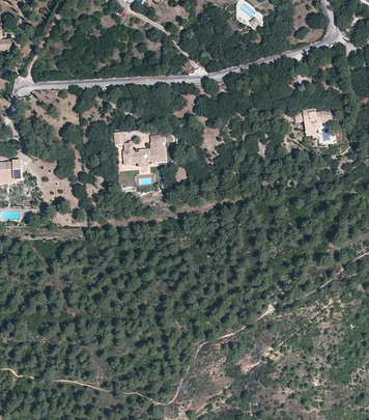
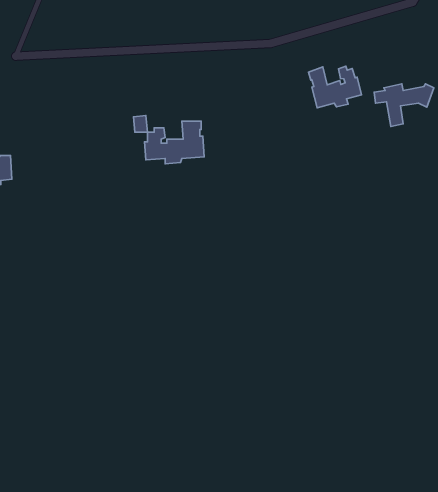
building: none -> [308,66,362,108]

